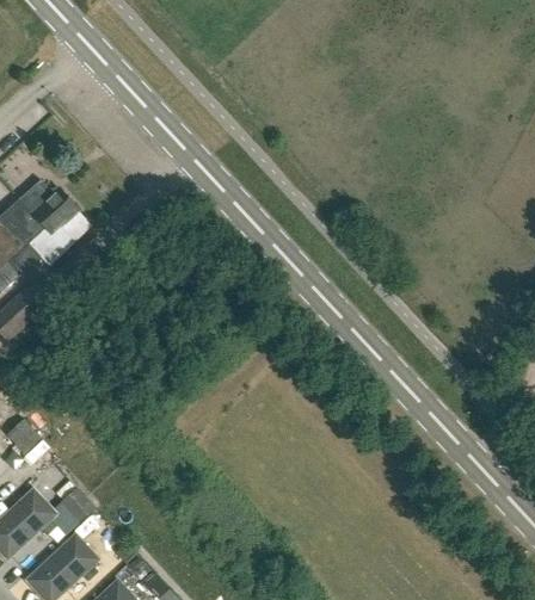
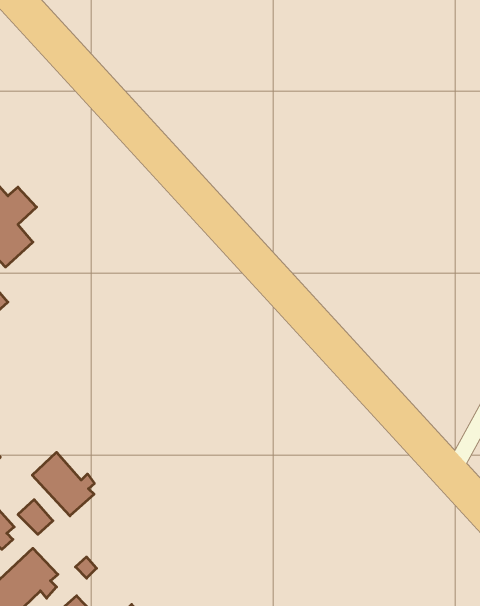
building: none -> [32,452,94,516]

